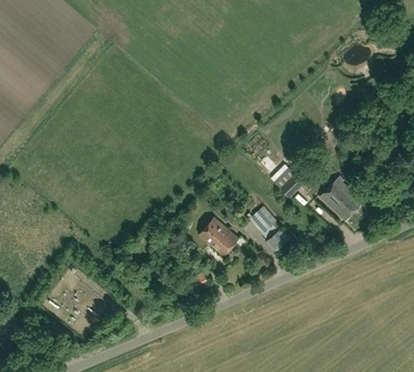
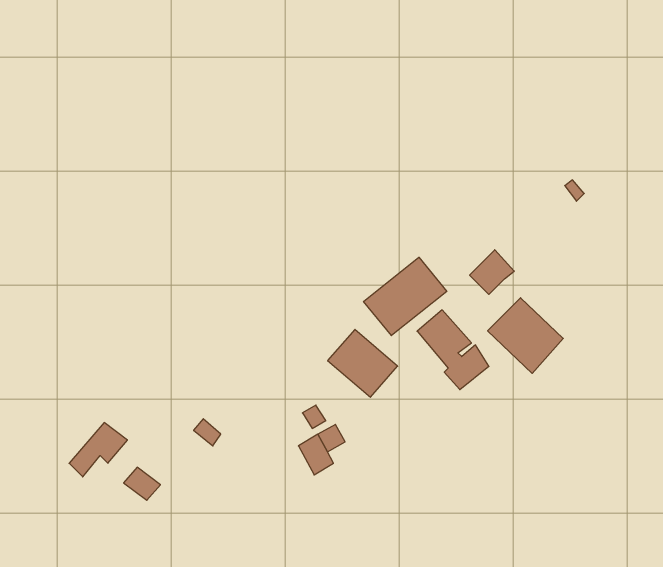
building: none -> [364,257,447,336]
building: [320,178,363,221] -> [488,298,563,373]

